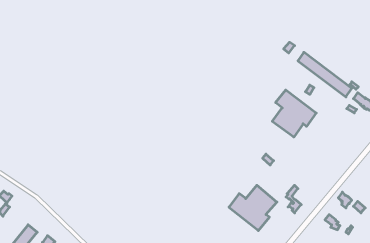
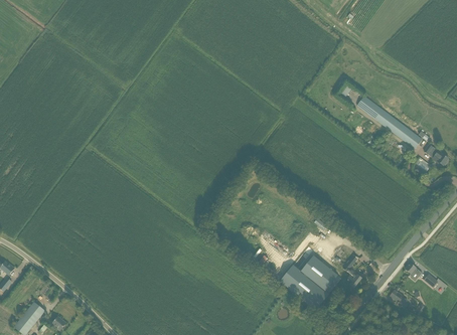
building: [272,90,316,137] -> none

